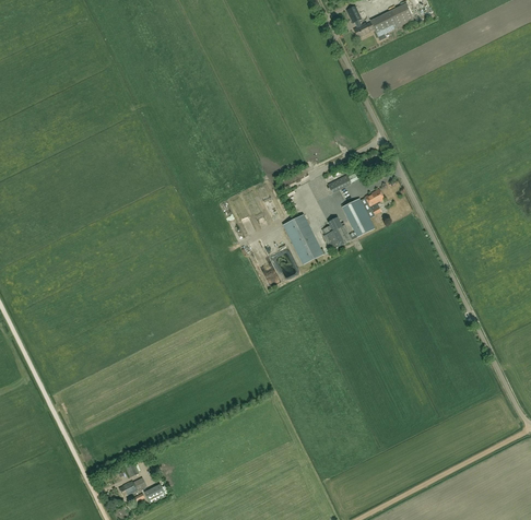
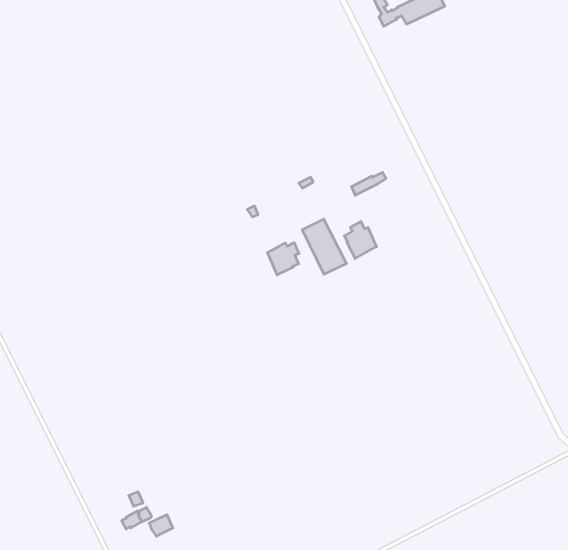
building: [341,188,384,236] -> none
building: none -> [267,243,299,275]

